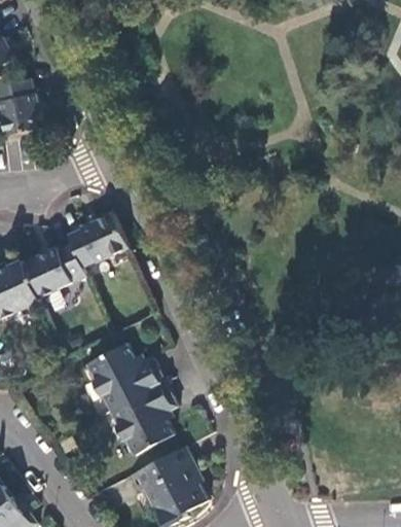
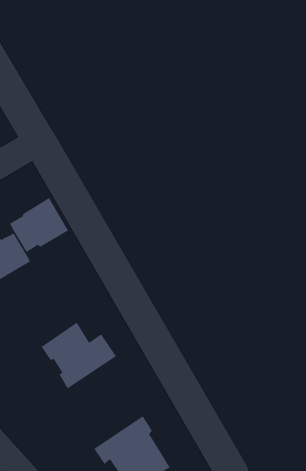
building: [109,381,176,455] -> none

